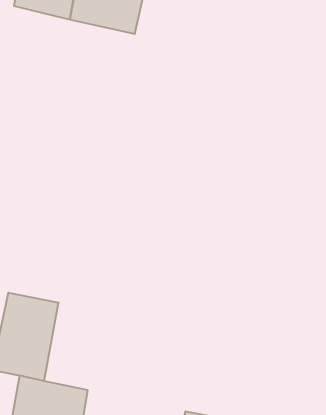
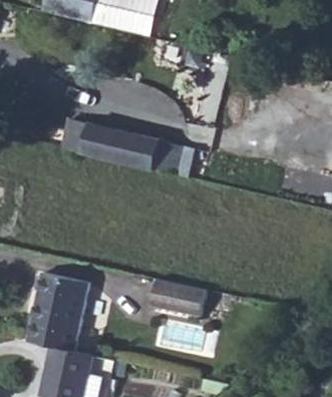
building: none -> [79,121,180,174]
building: none -> [149,280,203,315]

